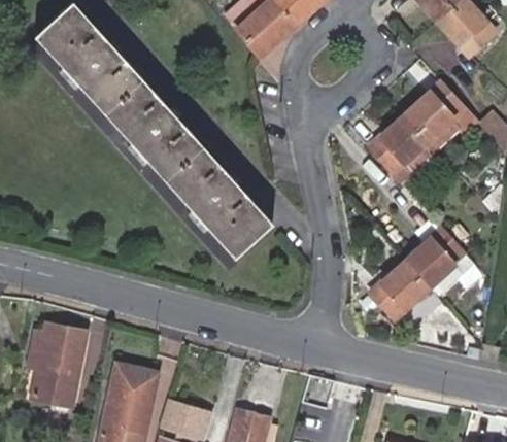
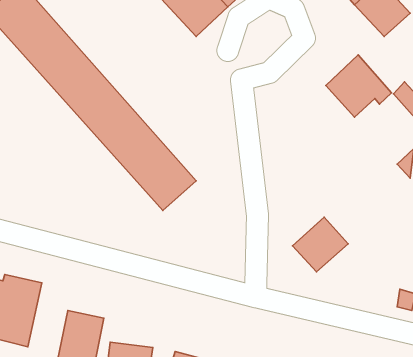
building: [371,113,438,181] -> none
building: [404,225,476,296] -> none

